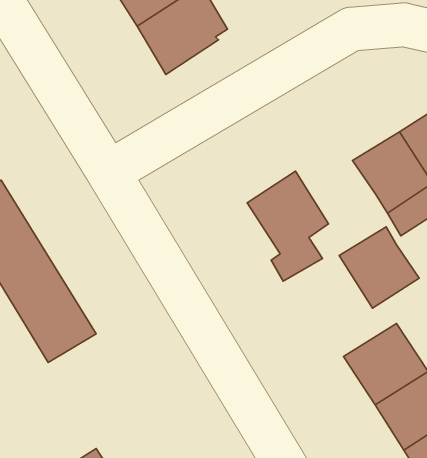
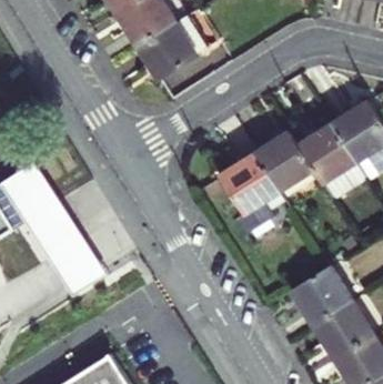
building: [339,227,419,308] -> [254,131,313,191]

